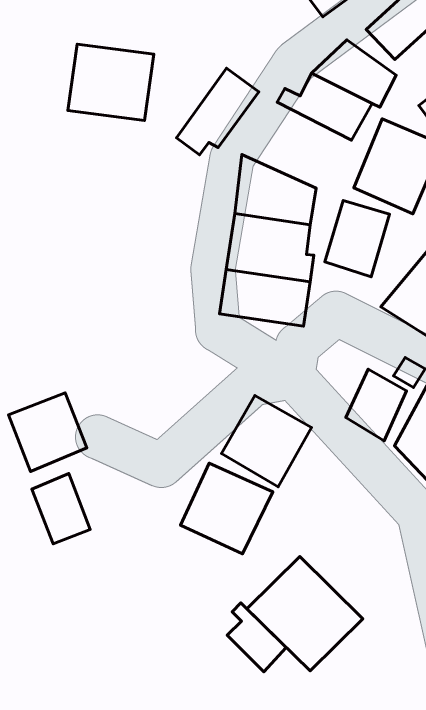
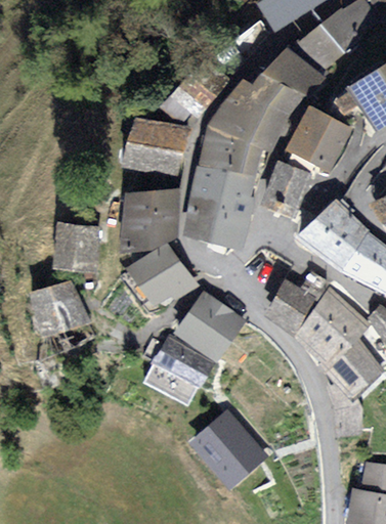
building: [68,44,154,121] -> [125,117,188,174]
building: none -> [209,87,287,154]
building: none -> [122,187,179,248]
building: none -> [55,222,98,268]
building: none -> [126,242,196,307]
building: [32,474,90,544] -> none
building: [227,603,286,672] -> none

